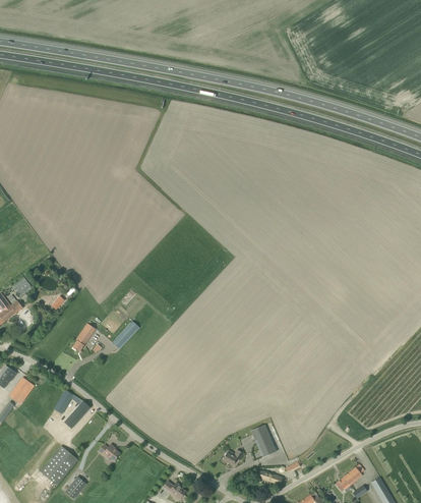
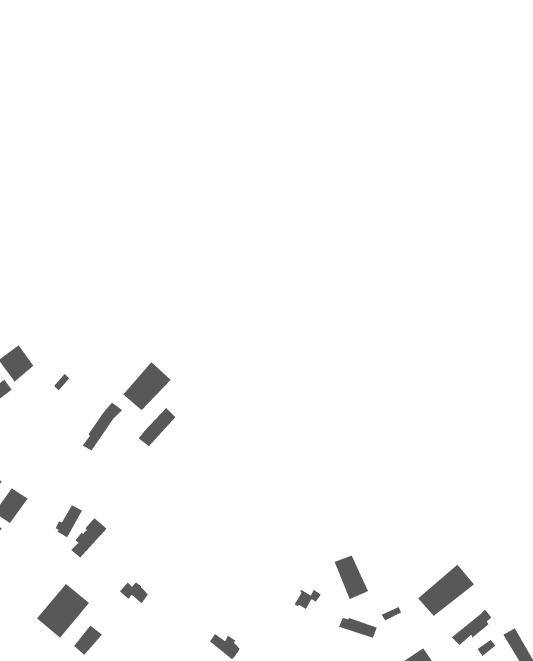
building: none -> [122,361,172,411]
building: none -> [417,563,475,617]

